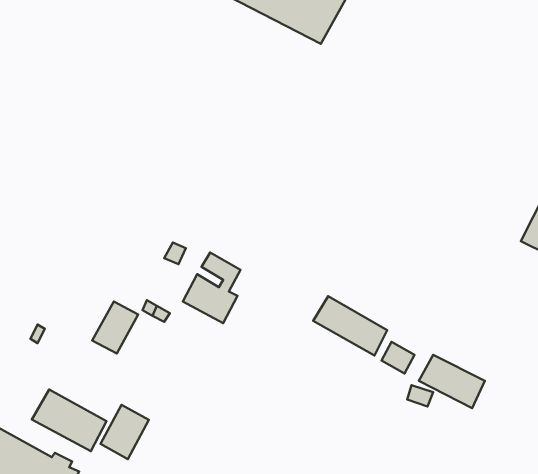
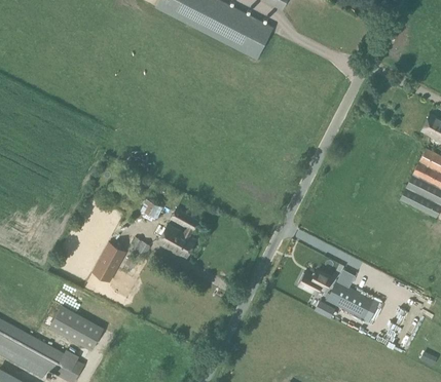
building: [313,296,387,355] -> none
building: [101,405,149,459] -> none

